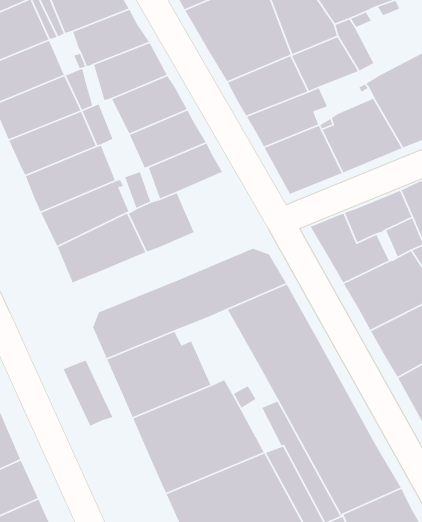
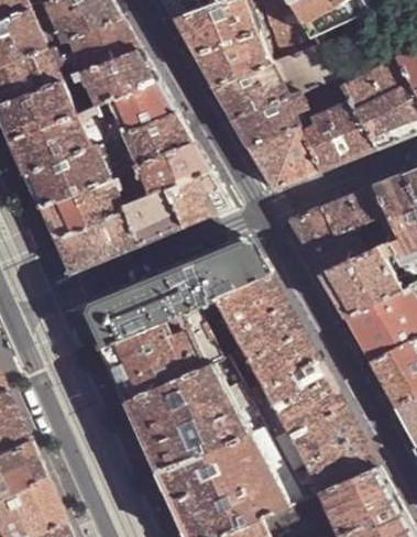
building: none -> [97,135,136,178]
building: none -> [167,171,232,227]
building: [63,359,113,427] -> [174,306,221,369]

